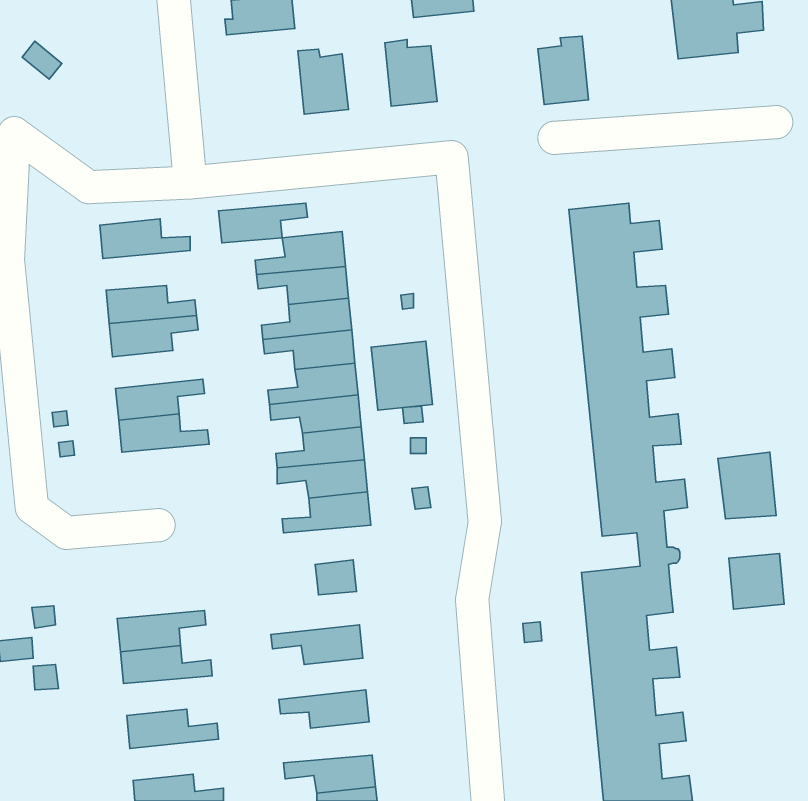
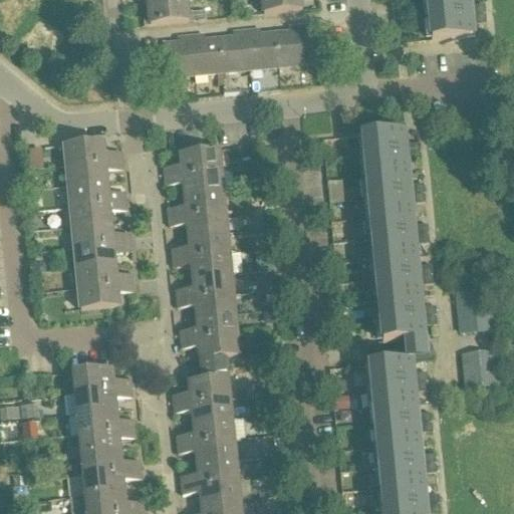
building: [538,36,589,104] -> [273,21,305,64]
building: none -> [217,27,248,69]
building: none -> [161,32,193,75]
building: [219,203,307,243] -> [65,159,121,184]
building: [371,341,432,410] -> none
building: none -> [71,222,128,246]
building: none -> [77,281,134,307]
building: none -> [180,332,237,357]
building: none -> [72,365,130,392]
building: none -> [171,374,228,402]
building: none -> [176,417,232,443]
building: none -> [78,428,136,453]
building: none -> [180,457,236,483]
building: none -> [82,468,140,494]

